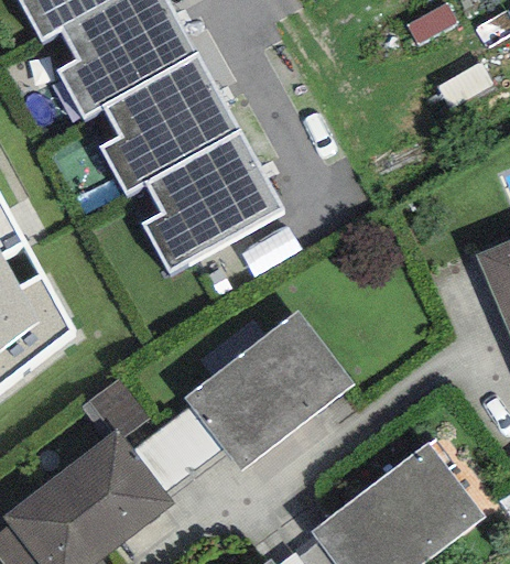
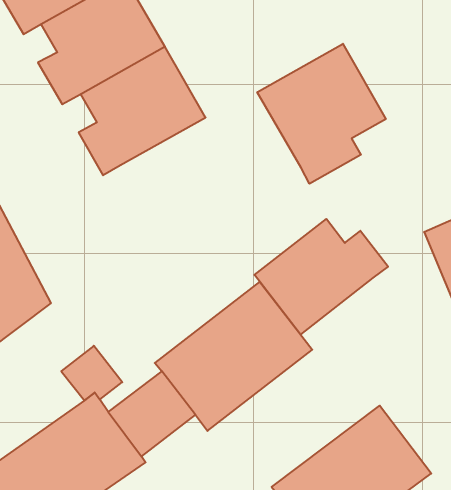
building: none -> [257,44,386,184]
building: [140,131,281,272] -> none
building: none -> [254,219,388,335]

